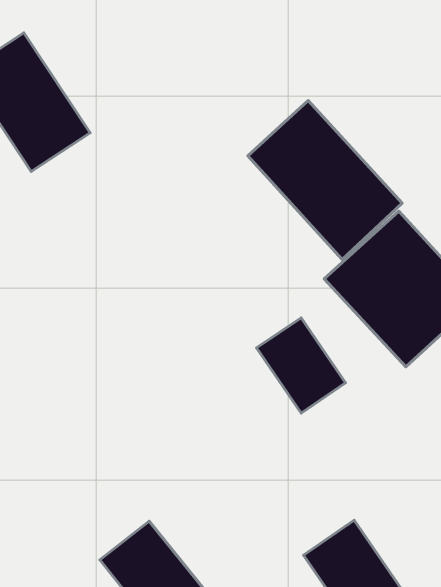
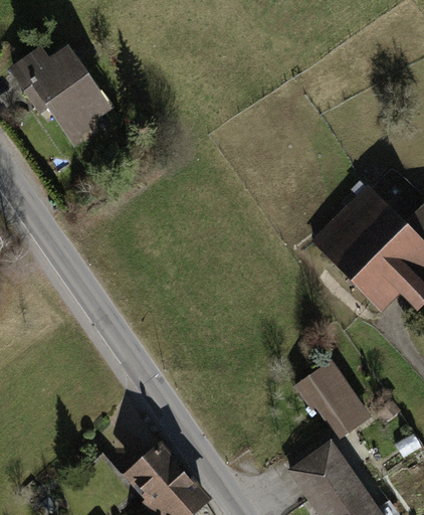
building: [248,100,402,260] -> none
building: [256,318,346,413] -> [296,360,371,440]

